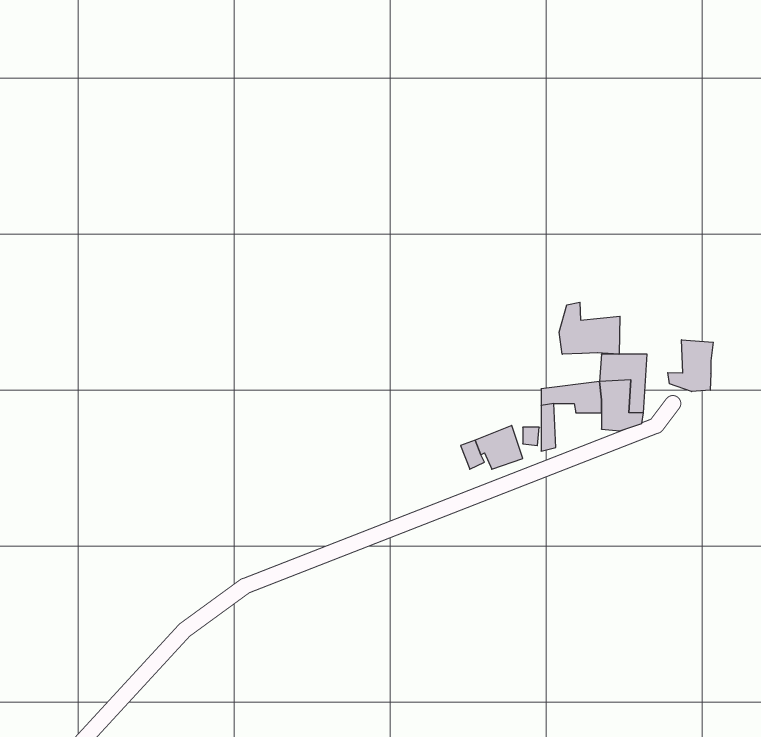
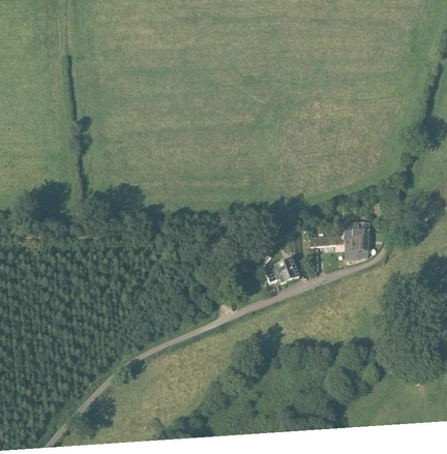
building: [559,302,620,354] -> none
building: [668,340,713,392] -> none

